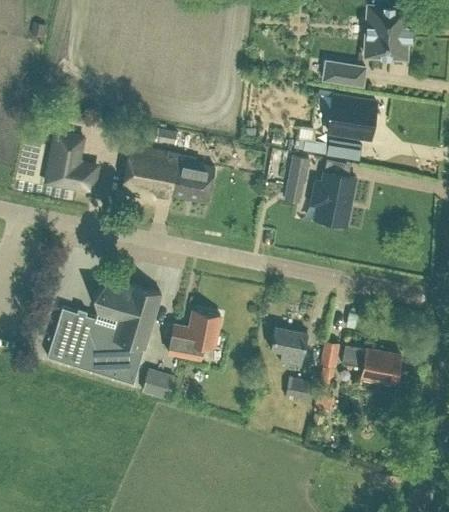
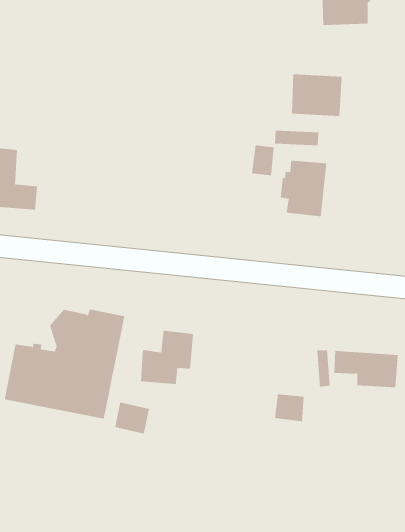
building: [322,62,365,86] -> none
building: [121,146,214,201] -> none
building: [270,326,307,367] -> none

